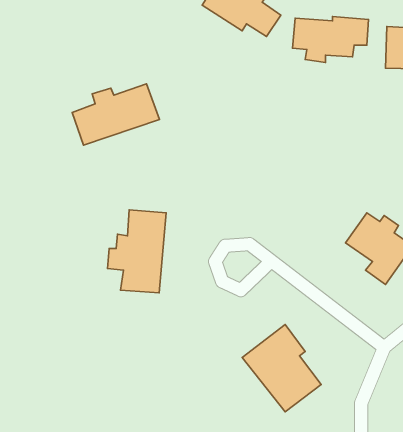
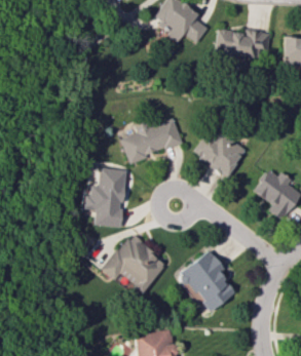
building: [72,84,160,145] -> [120,118,183,162]
building: none -> [192,131,248,177]
building: none -> [102,234,166,292]

